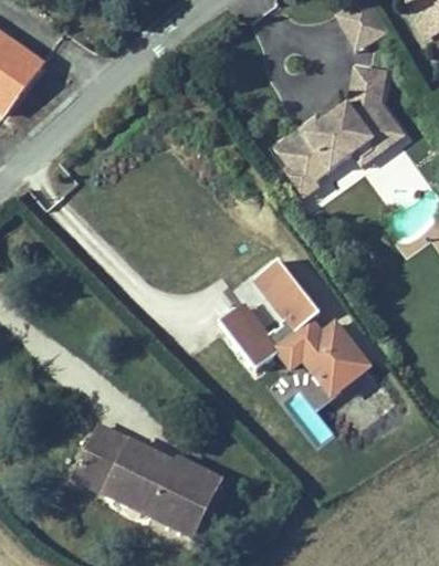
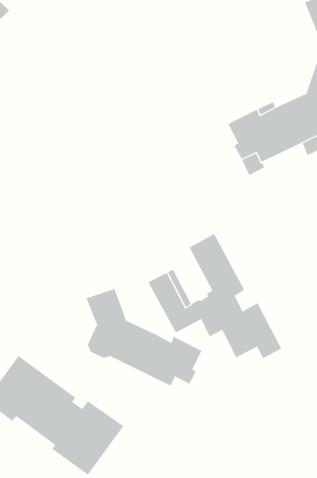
building: none -> [86,288,202,387]

